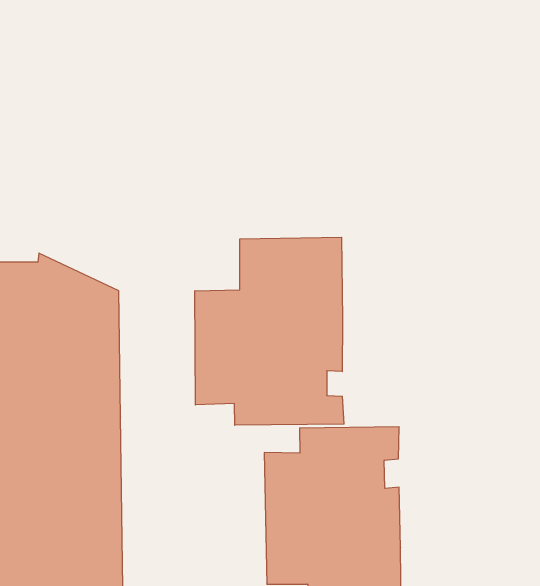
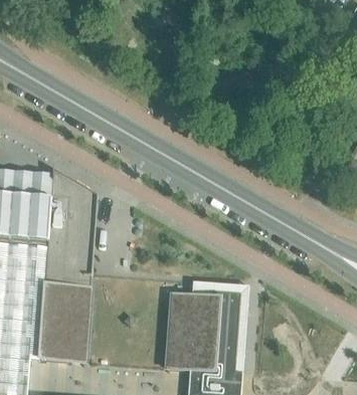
building: [195,237,344,425] -> none

